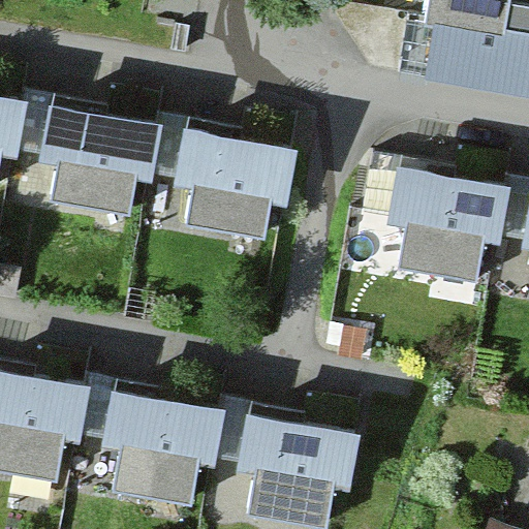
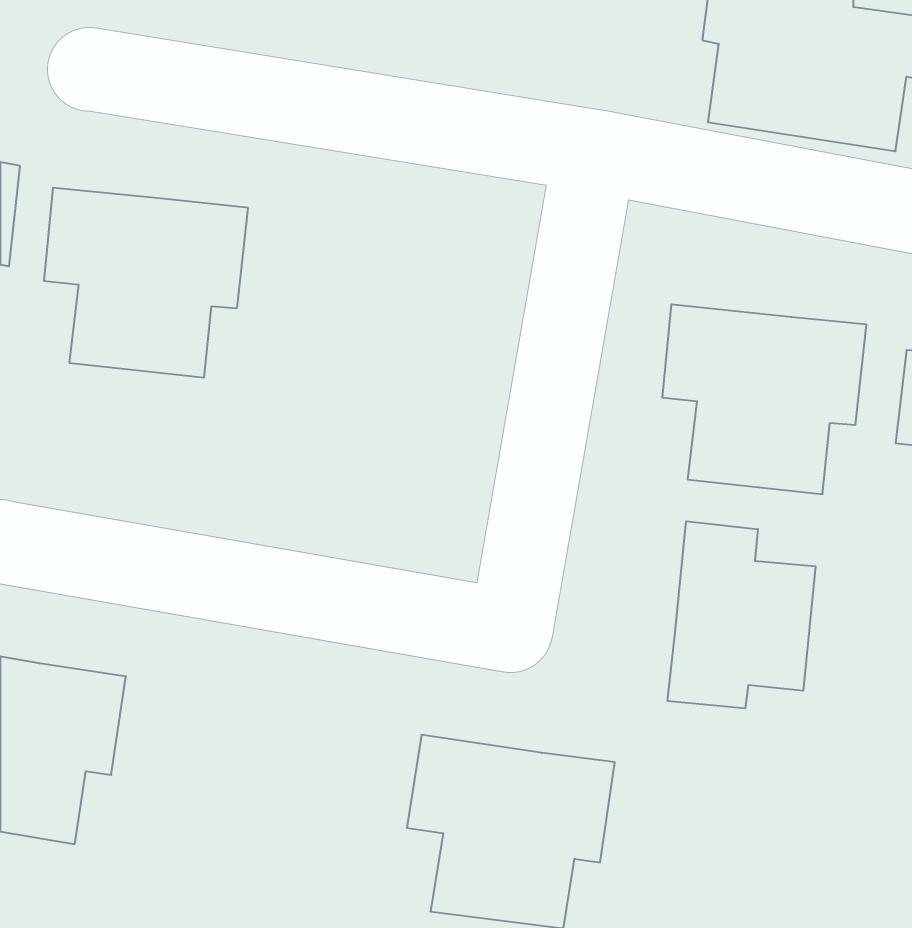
building: [176,133,292,242] -> none
building: none -> [668,521,816,708]
building: [99,392,217,502] -> none

